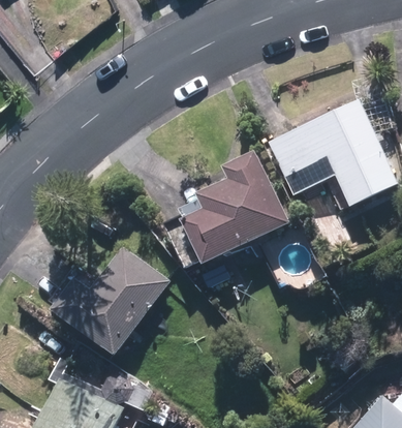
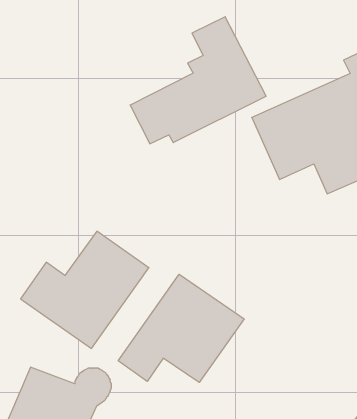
building: [163,148,290,267] -> [130,17,266,144]
building: none -> [118,274,244,382]

